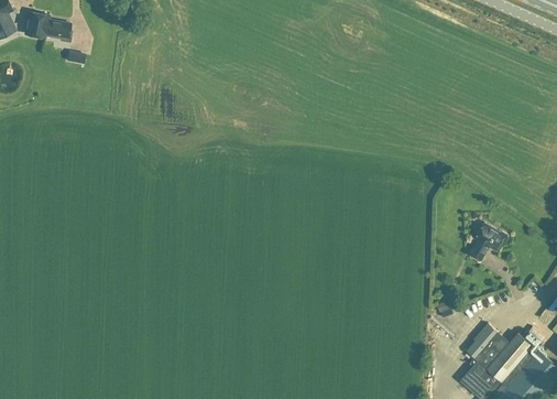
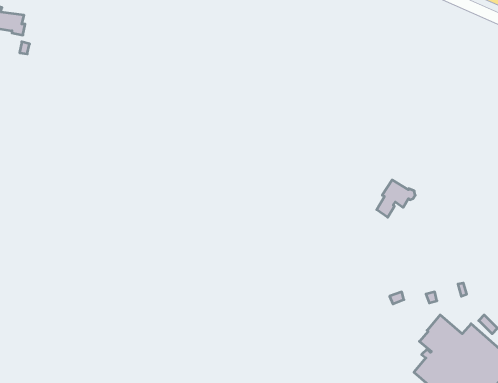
building: [468,223,506,260] -> [377,180,415,217]

